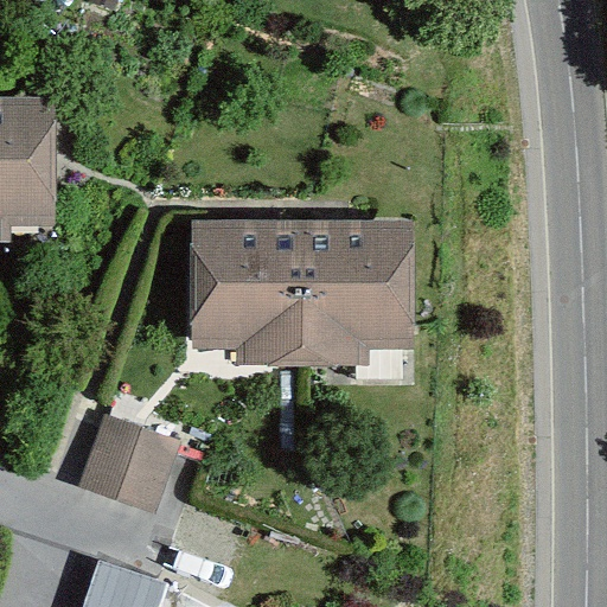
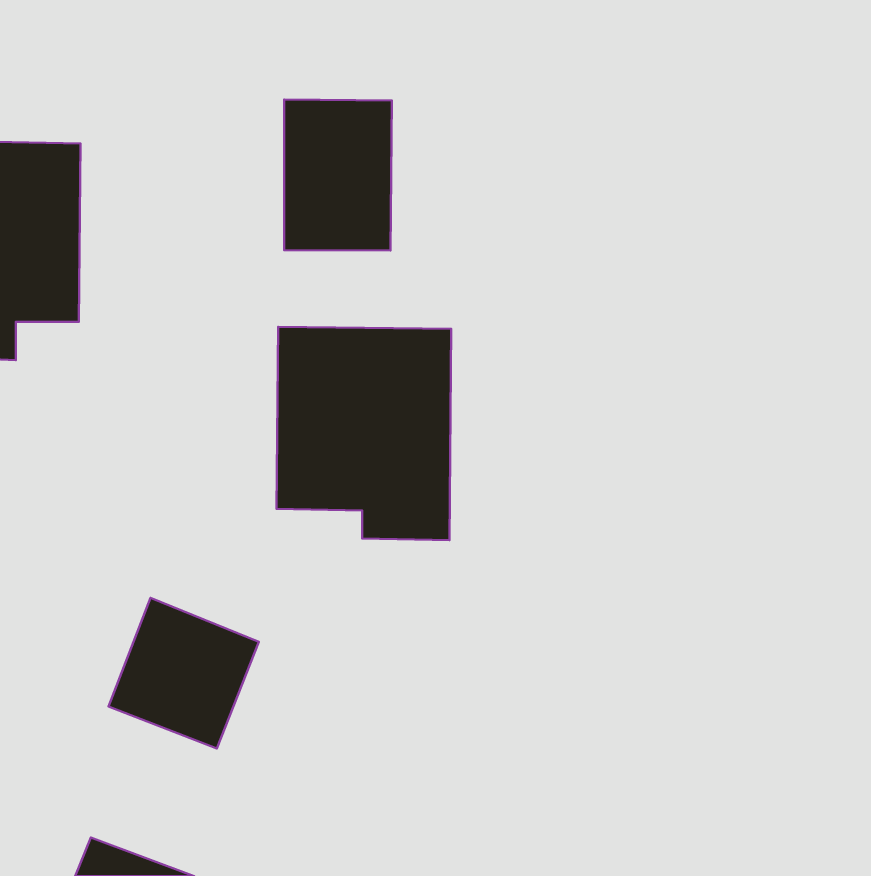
building: none -> [284,99,392,250]
building: [305,223,423,366] -> none

